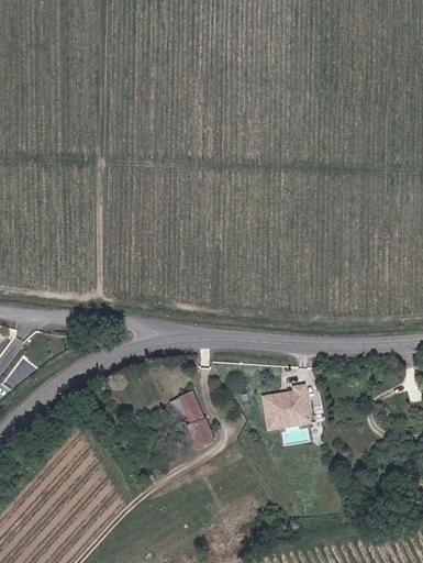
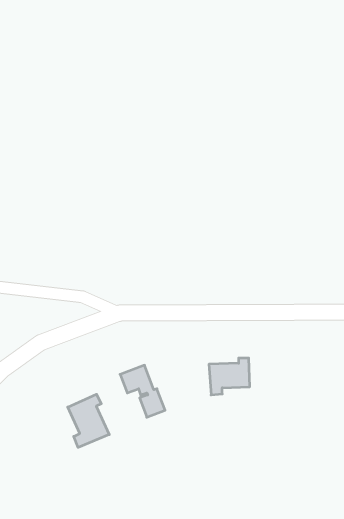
building: none -> [68,394,109,447]

